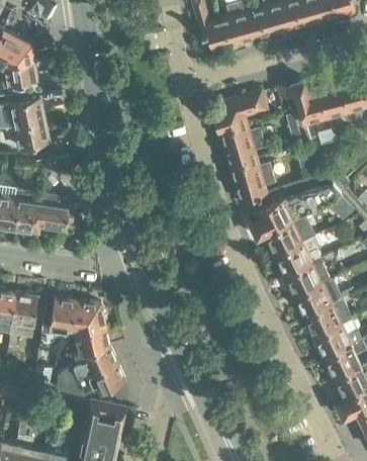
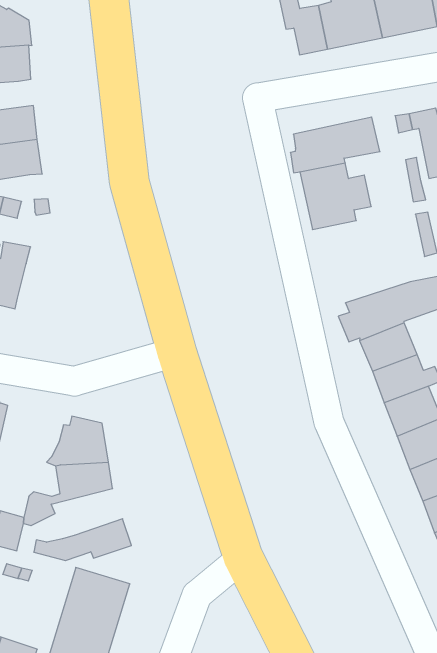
building: [230,159,277,202] -> none
building: [39,192,75,230] -> none
building: [41,298,81,349] -> none
building: [58,347,119,392] -> none

